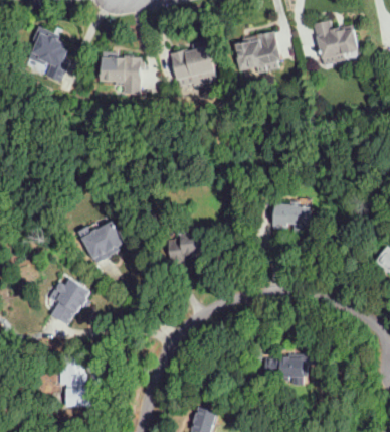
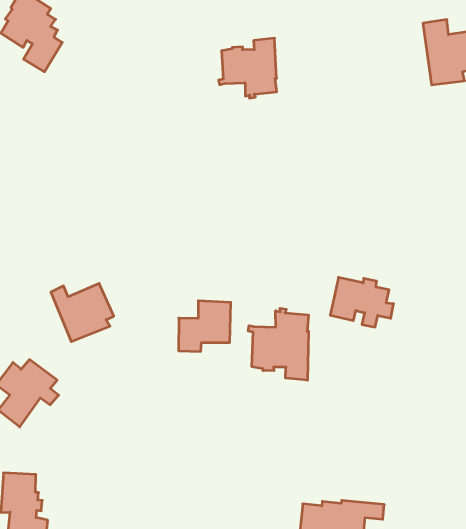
building: [234,30,280,74] -> none
building: [96,51,144,94] -> none
building: none -> [248,308,309,380]

